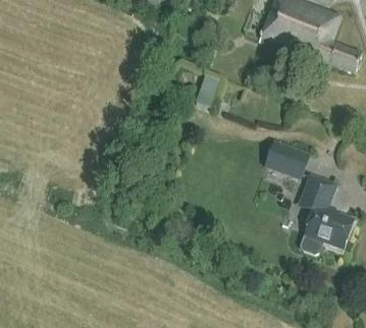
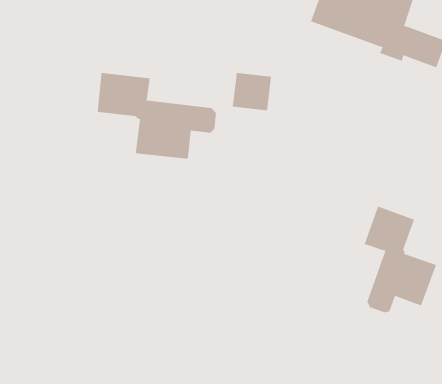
building: none -> [97,72,217,160]
building: [262,140,309,179] -> none

